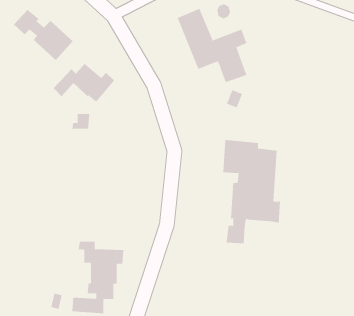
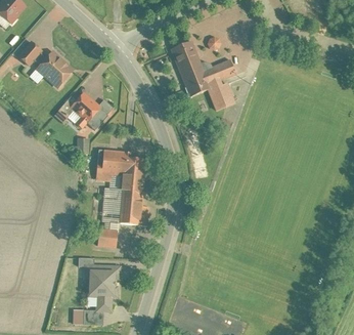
building: [222,139,281,244] -> [95,149,149,246]

